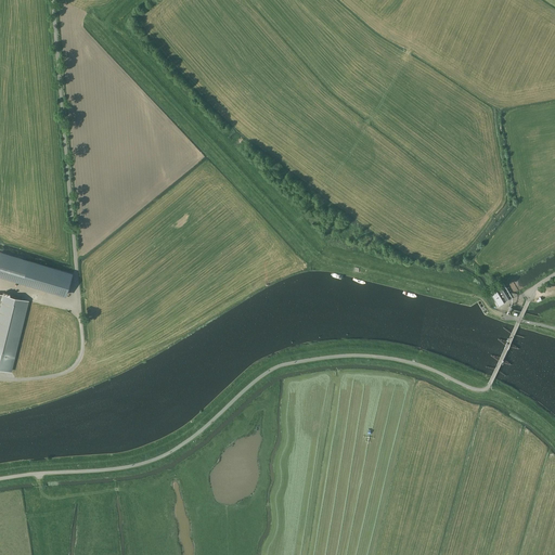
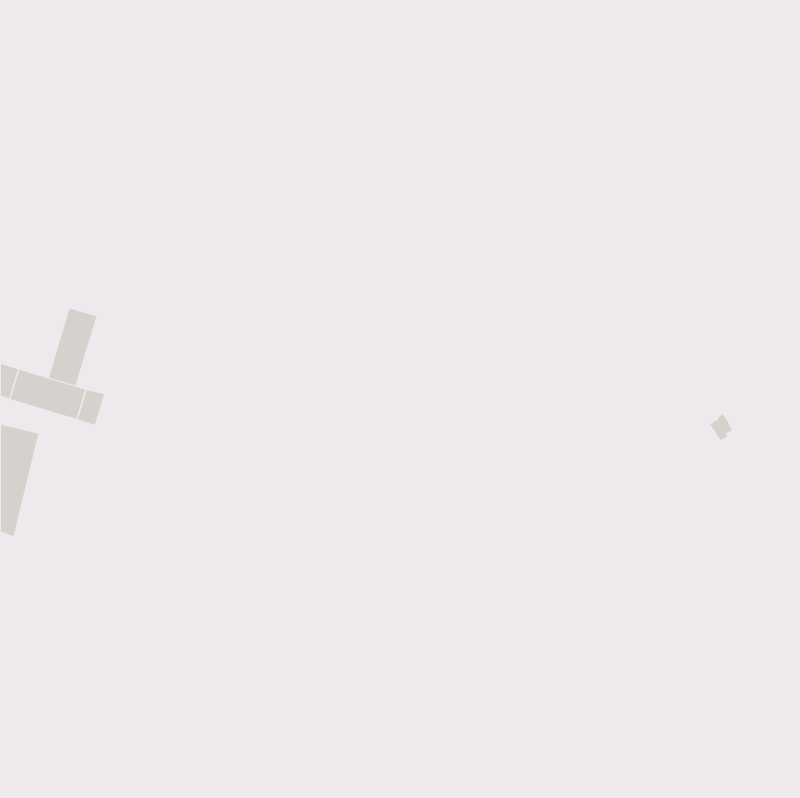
building: none -> [48,308,97,386]

